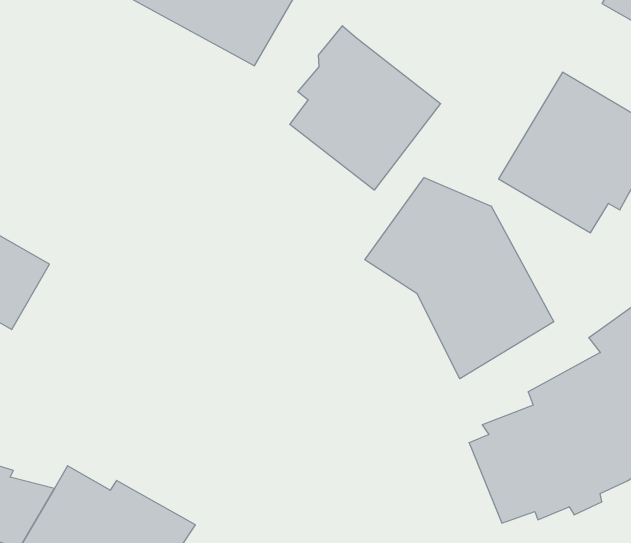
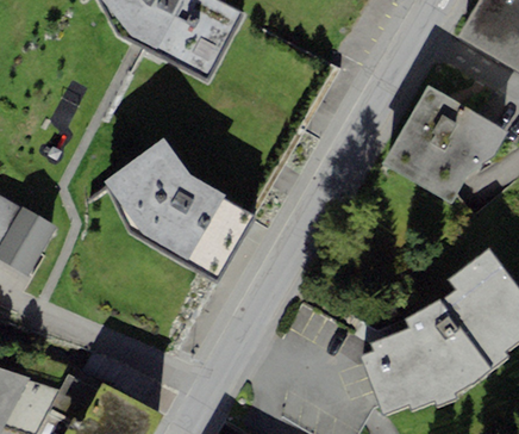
building: [290,26,441,190] -> none
building: none -> [104,137,252,279]
building: [365,178,554,379] -> none

